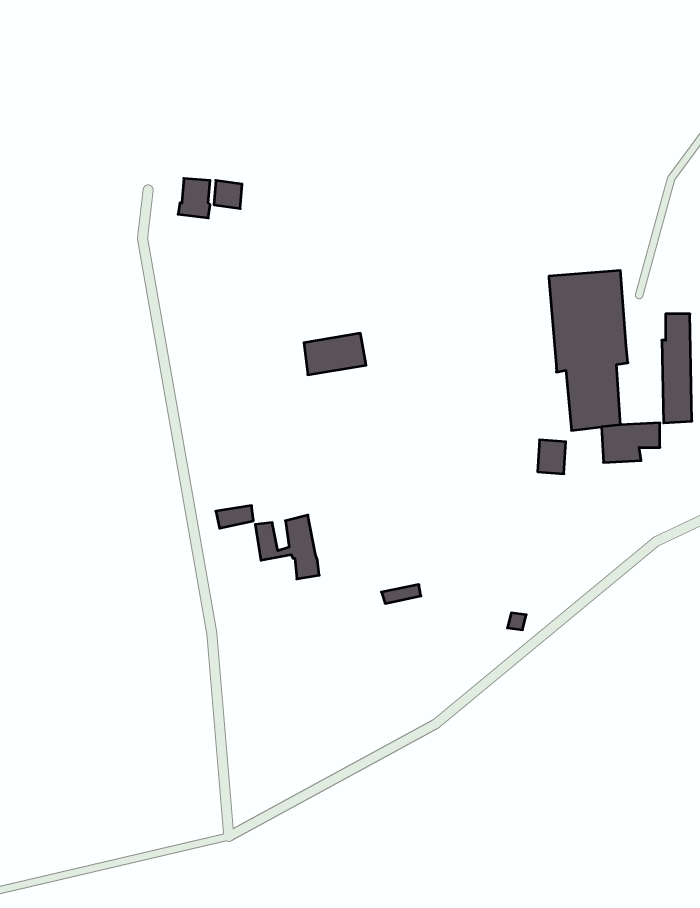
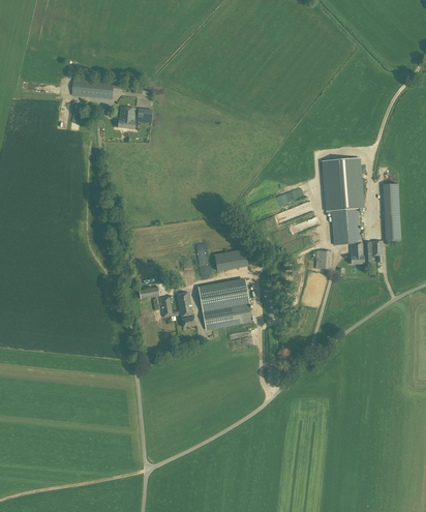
building: none -> [71,79,113,98]
building: [304,333,366,375] -> [213,248,247,271]
building: none -> [199,279,251,329]

